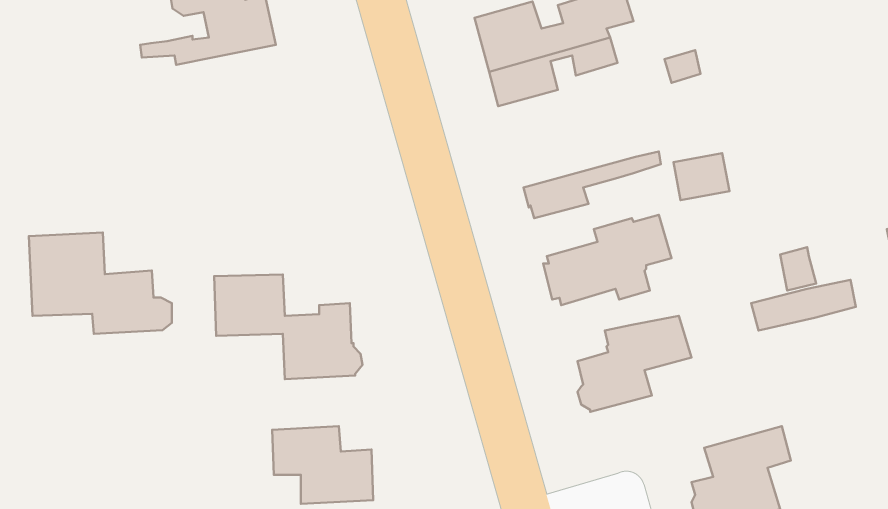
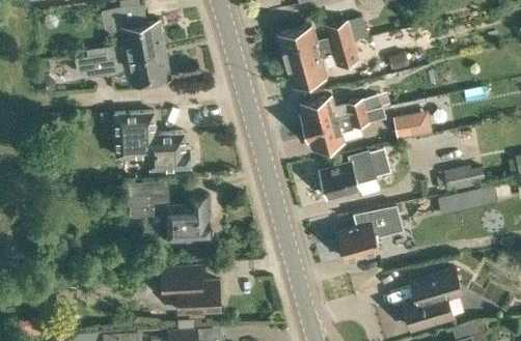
building: none -> [74,50,169,85]
building: none -> [301,96,384,132]
building: [29,233,172,334] -> [113,111,195,169]

